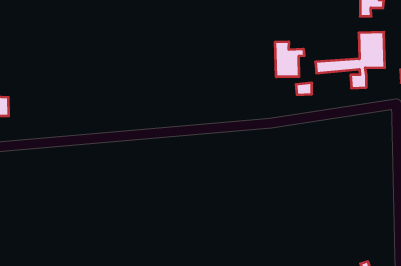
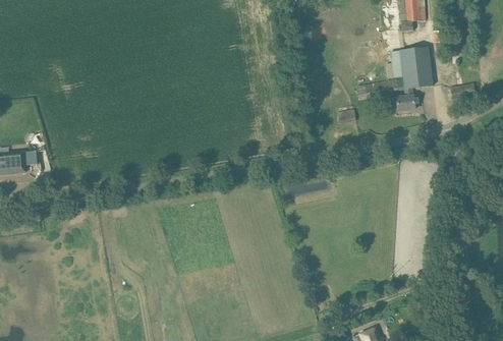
building: [275,42,304,77] -> none

